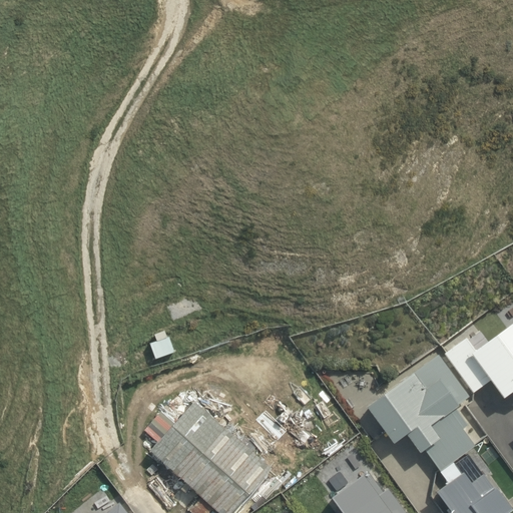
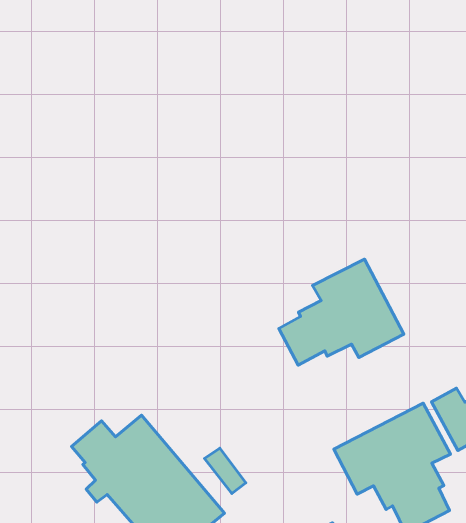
building: none -> [279,259,404,365]

